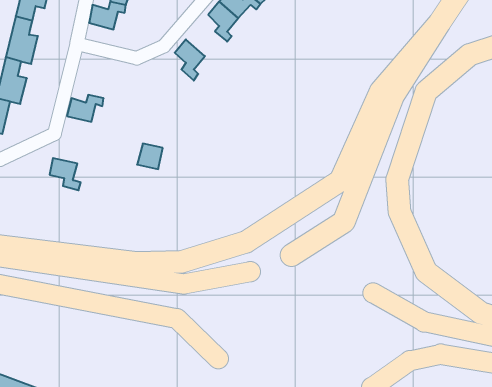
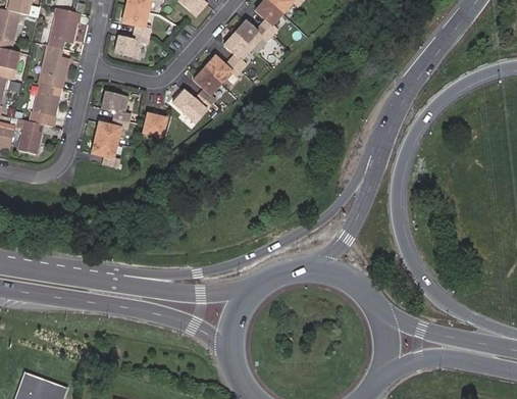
building: none -> [203,56,241,83]
building: none -> [172,90,210,118]
building: none -> [101,92,130,121]
building: [137,144,163,169] -> [142,113,165,137]
building: [50,158,81,190] -> [91,138,119,167]

